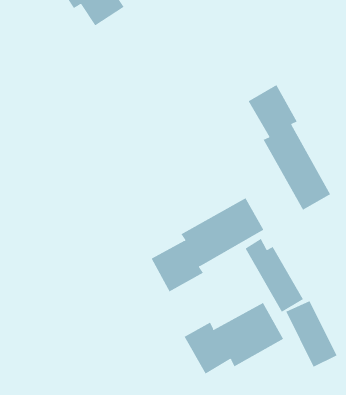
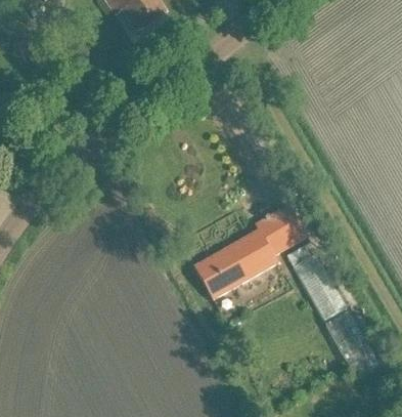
building: [248,84,331,210] -> none
building: [184,302,284,374] -> none

